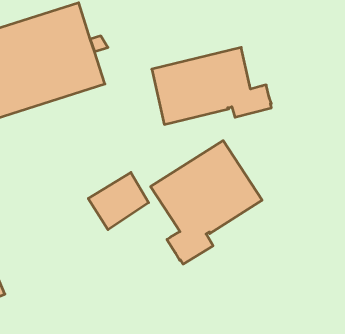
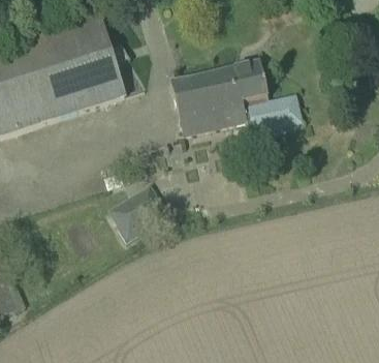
building: [151,141,262,264] -> none

